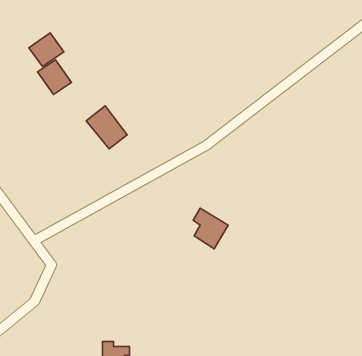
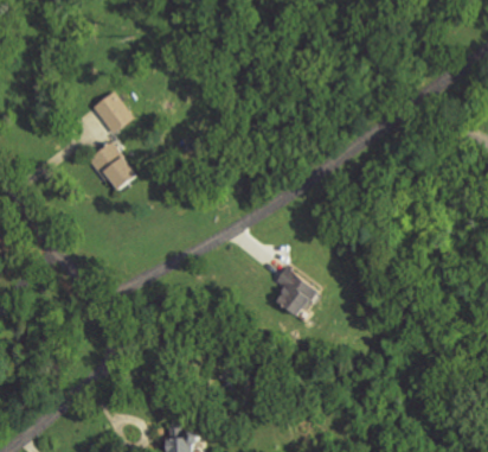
building: [29,33,64,67] -> none
building: [86,106,127,149] -> [88,141,136,192]

